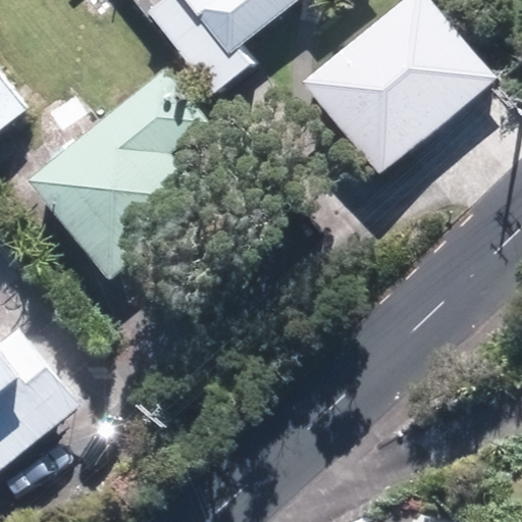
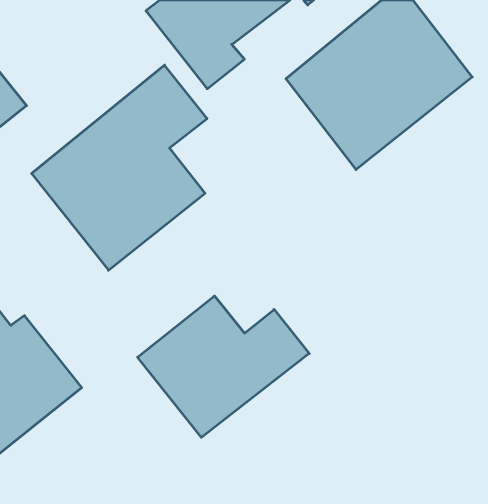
building: none -> [138,296,309,437]

